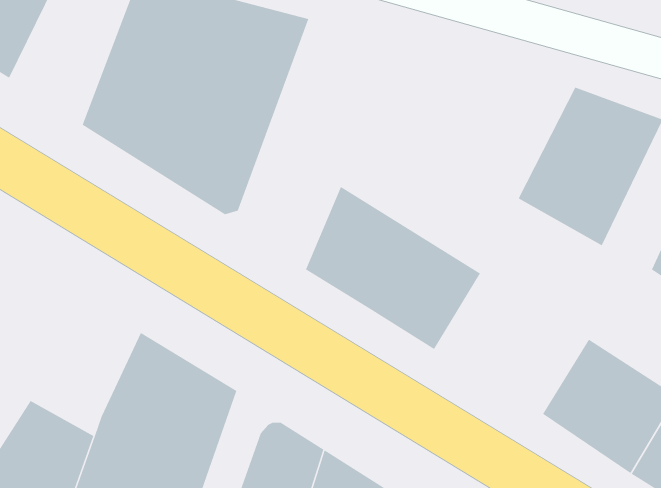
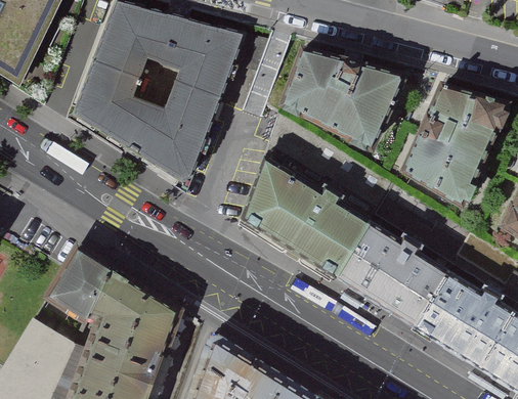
building: none -> [284,47,402,150]
building: none -> [338,225,454,330]
building: none -> [38,245,117,332]

